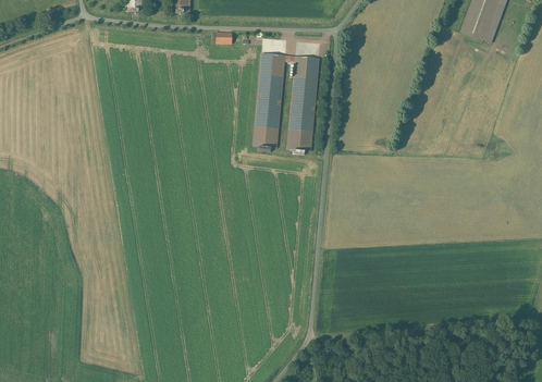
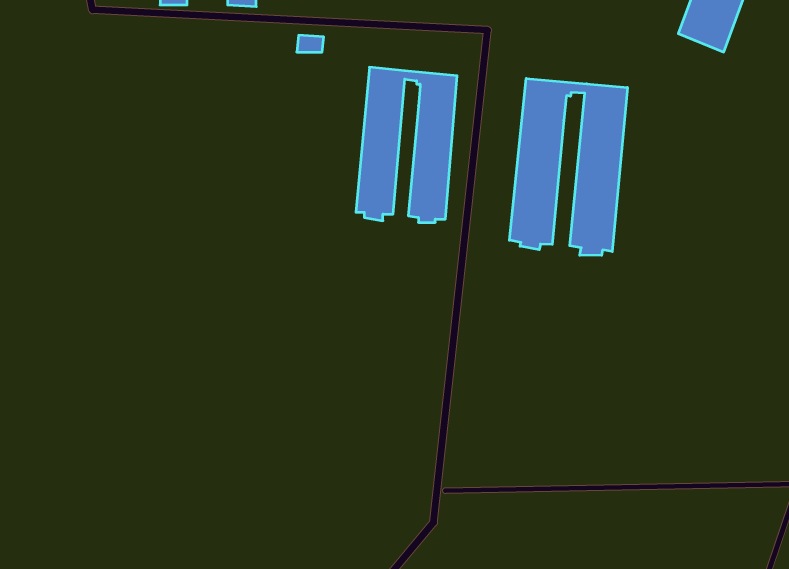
building: none -> [509,78,627,255]

